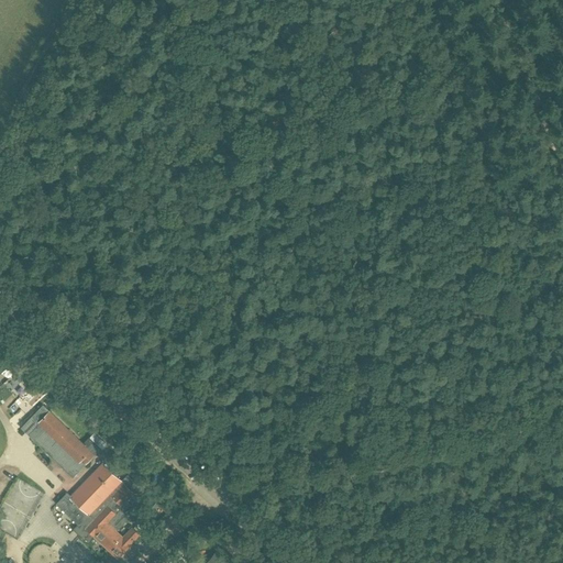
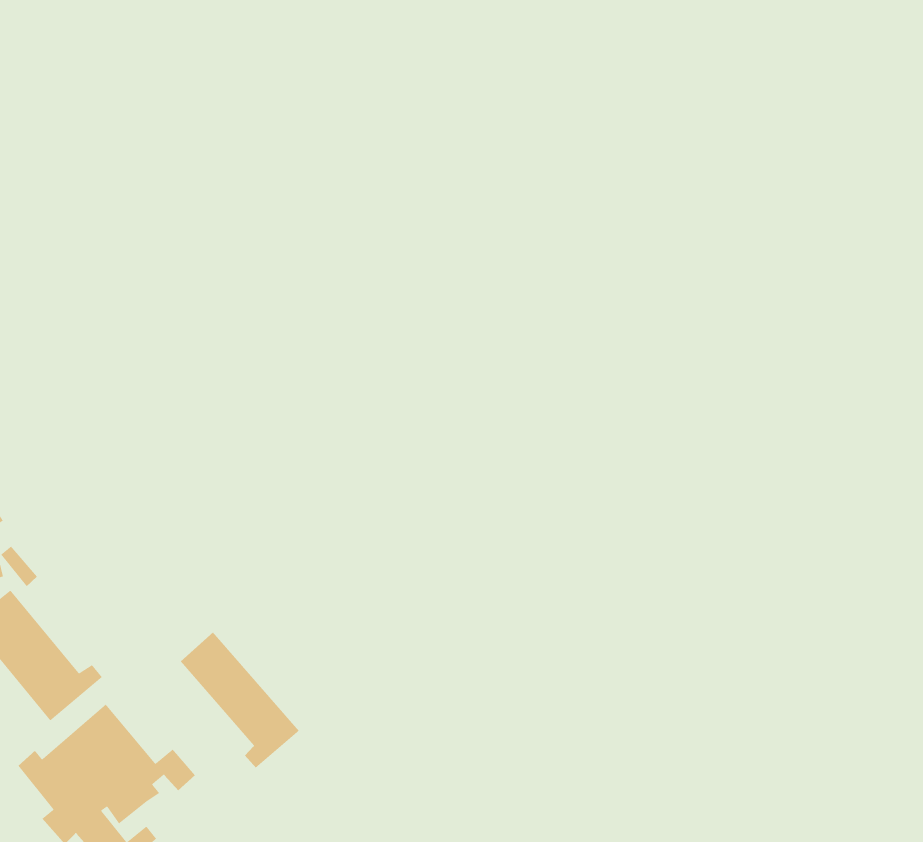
building: none -> [180,632,300,769]

